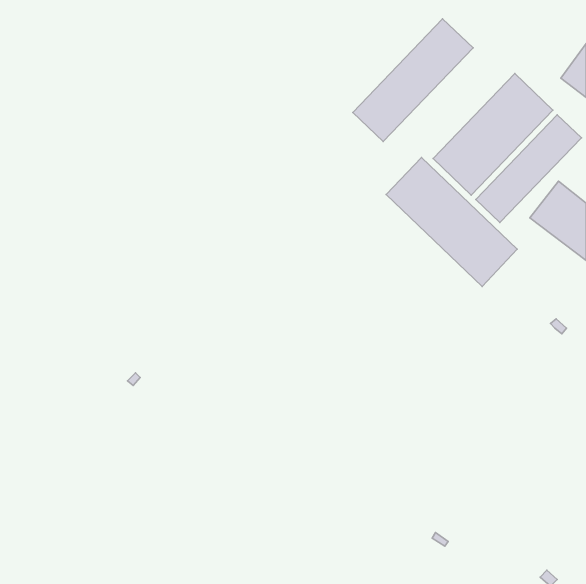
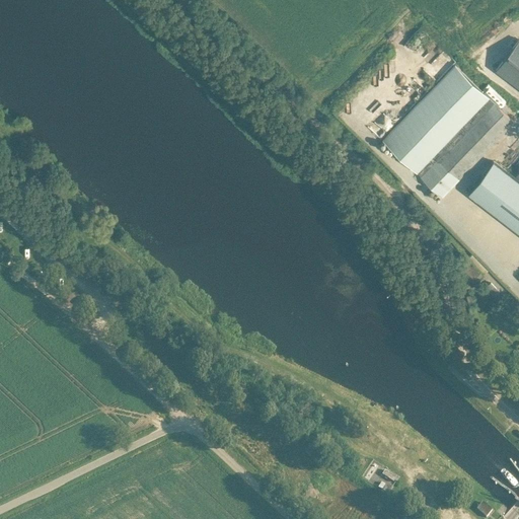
building: [353,19,473,141] -> none
building: [386,157,517,286] -> none

